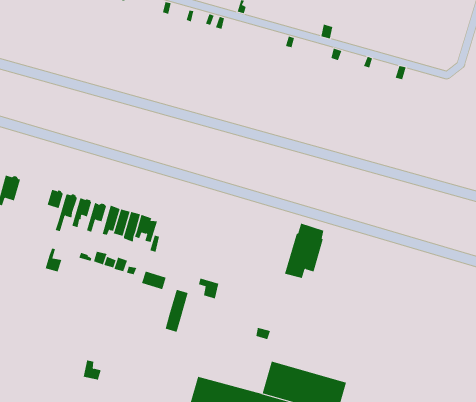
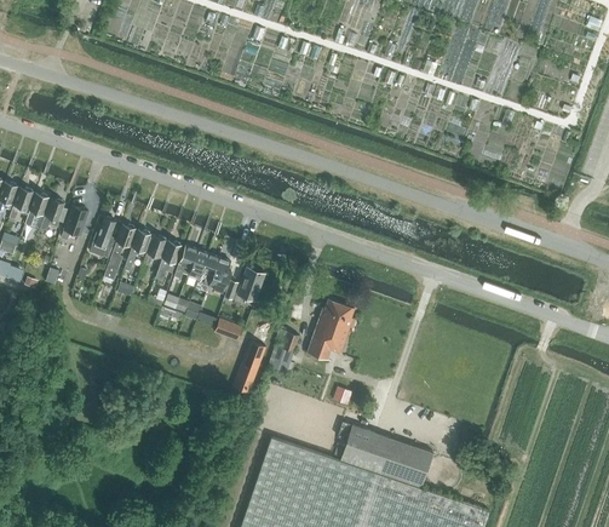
building: none -> [91,217,116,258]
building: none -> [237,268,265,300]
building: [284,223,324,278] -> [308,298,354,359]

